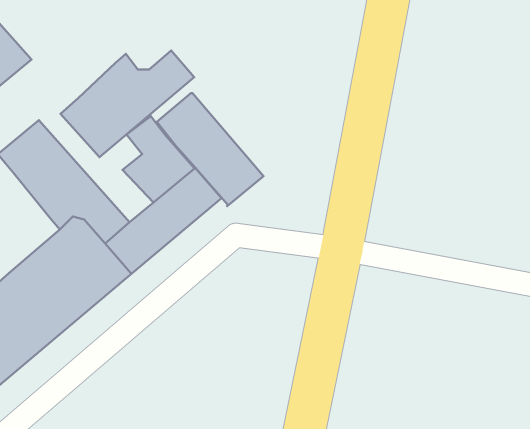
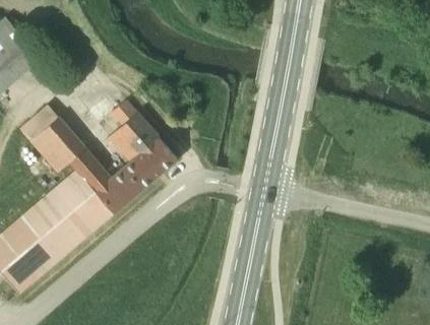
building: [61,50,194,157] -> none
building: [157,93,263,206] -> none

